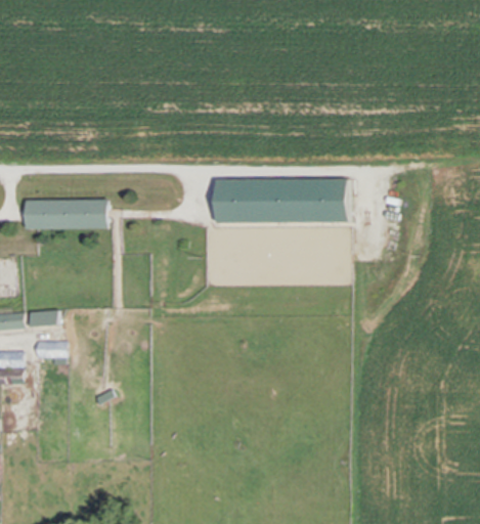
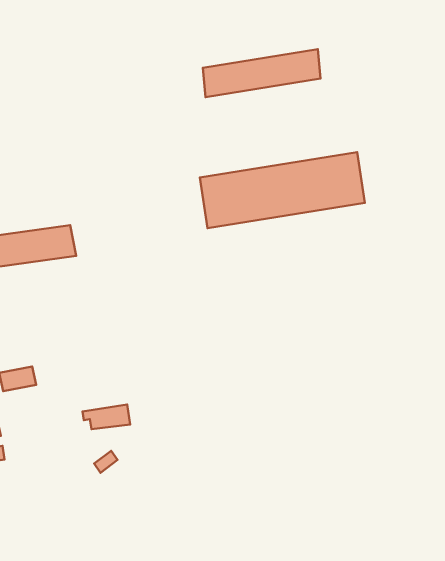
building: none -> [203,49,321,97]
building: [31,341,68,357] -> [82,405,130,429]

